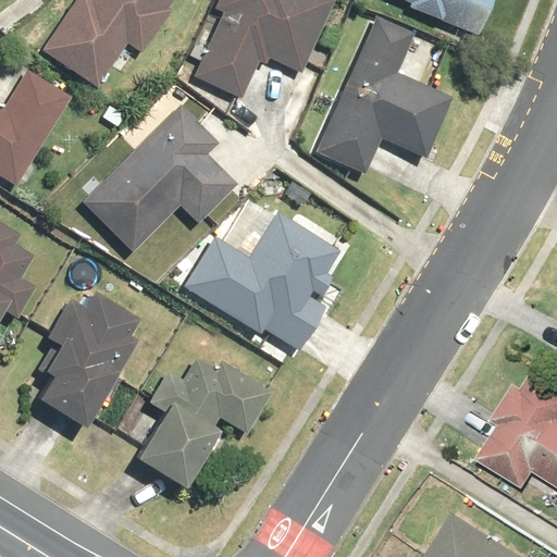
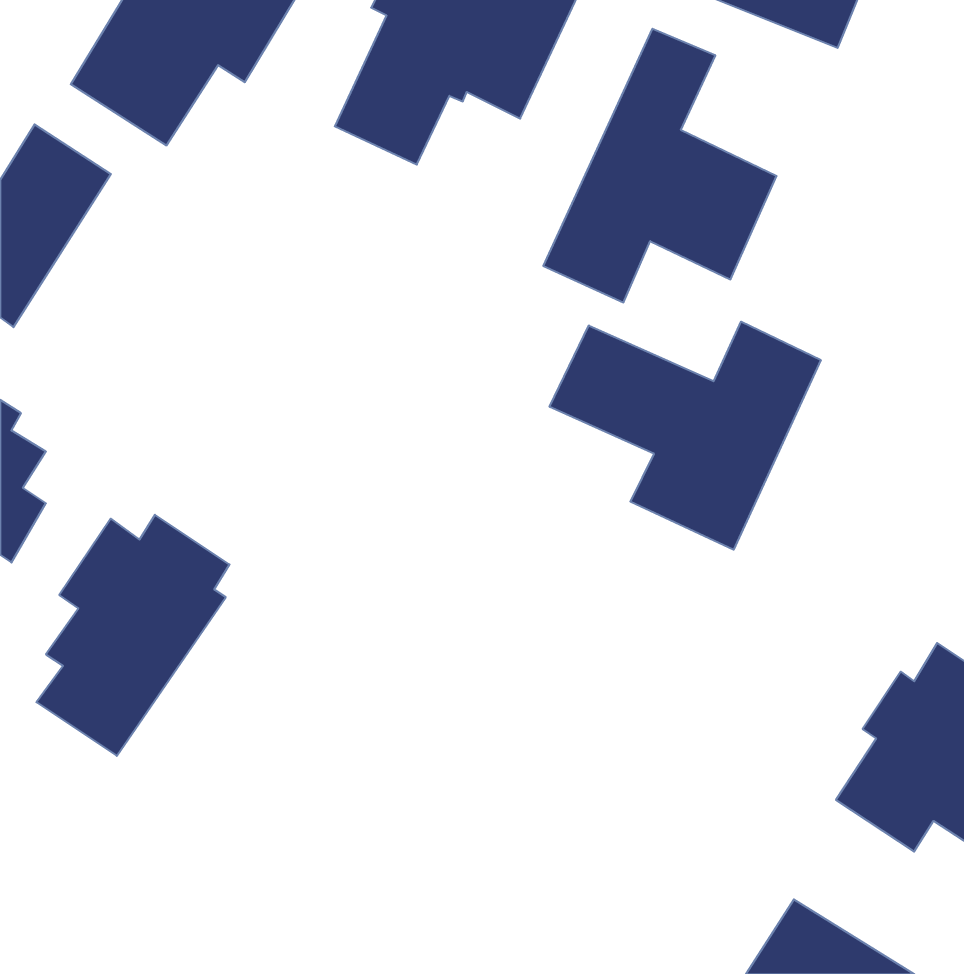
building: [81,107,235,251] -> none
building: none -> [550,322,821,550]
building: [182,214,342,347] -> none
building: [127,357,267,487] -> none

